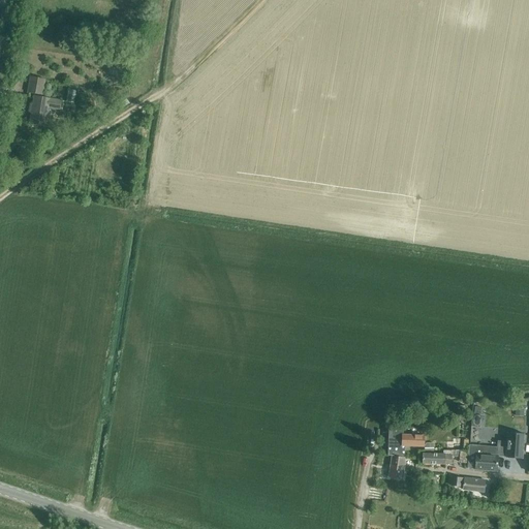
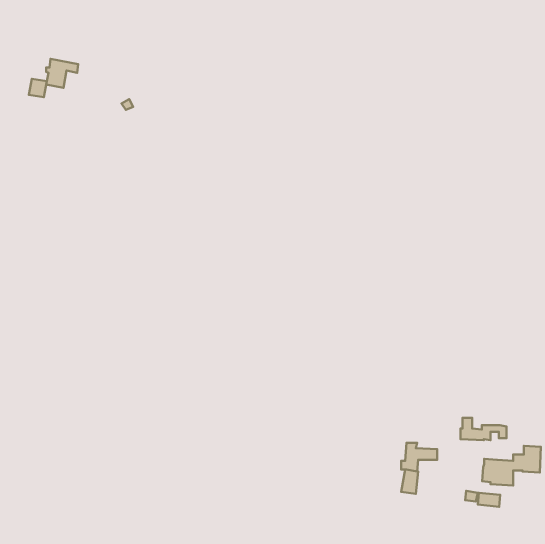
building: [30,95,61,123] -> [46,59,78,88]
building: [423,442,467,464] -> [460,418,506,440]

